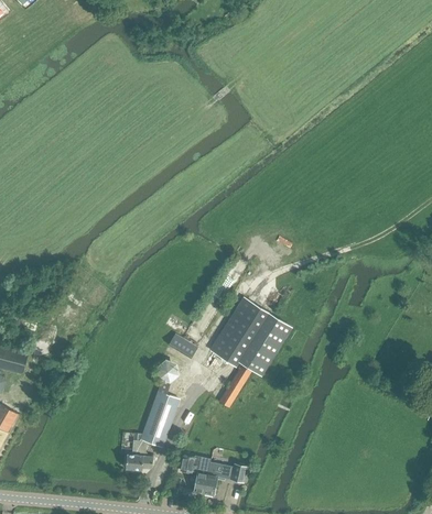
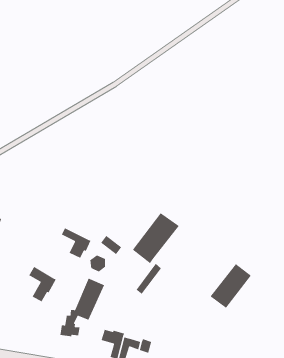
building: [240,311,293,372] -> [209,263,252,309]
building: none -> [61,227,91,259]
building: none -> [28,266,57,302]

